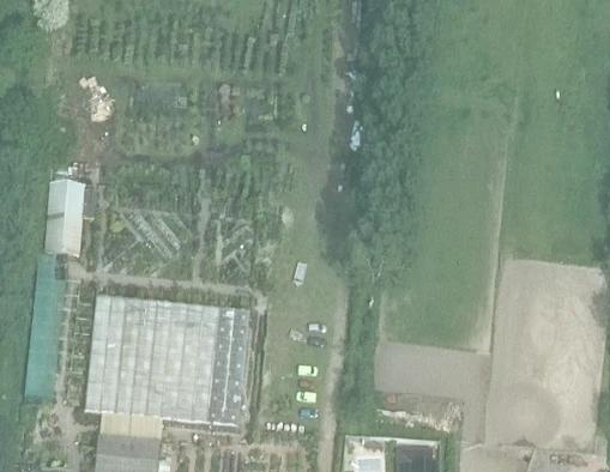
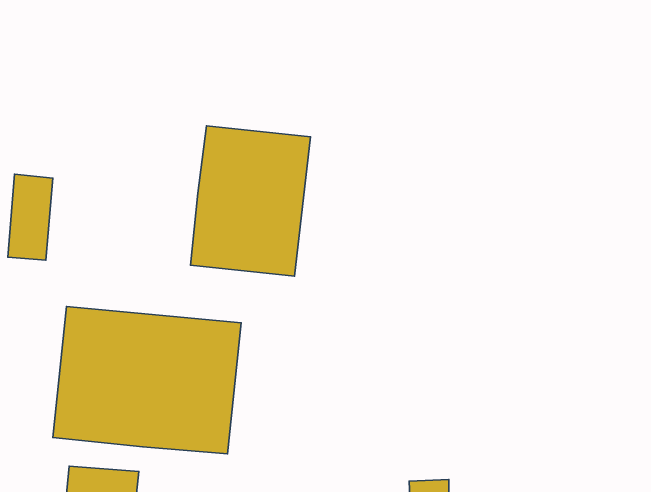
building: none -> [190,126,311,276]

